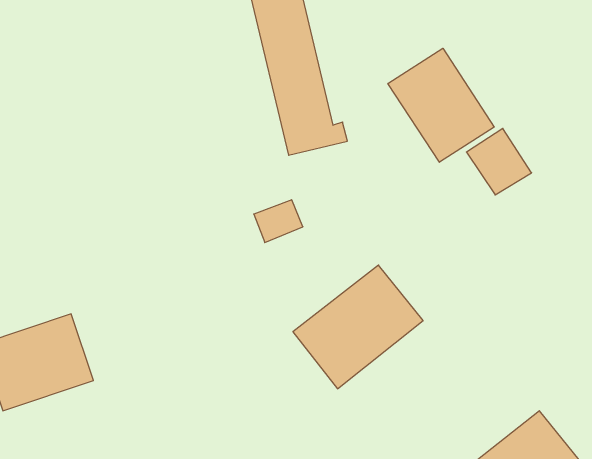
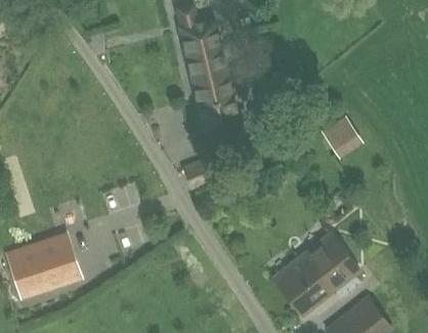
building: [388,48,494,162] -> none
building: [293,265,423,389] -> [273,235,357,315]

